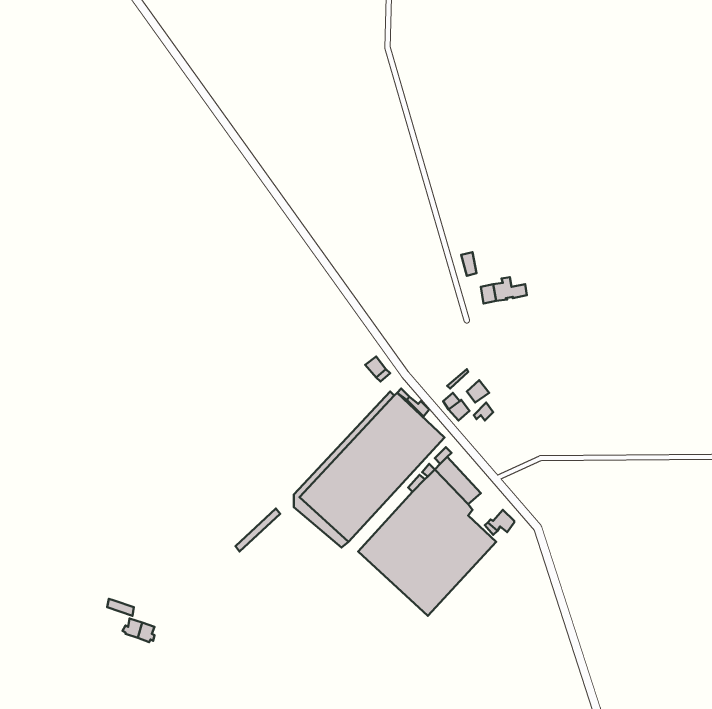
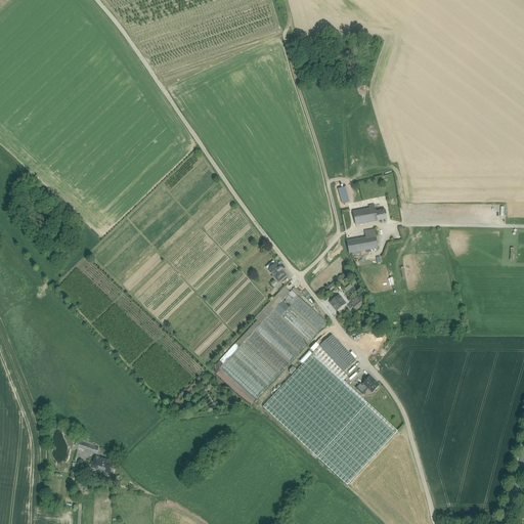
building: none -> [347,227,378,252]
building: none -> [314,398,398,484]

